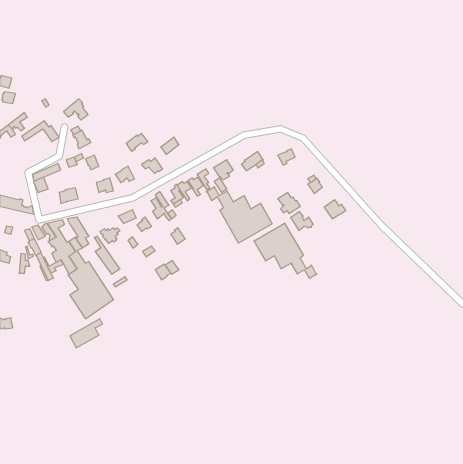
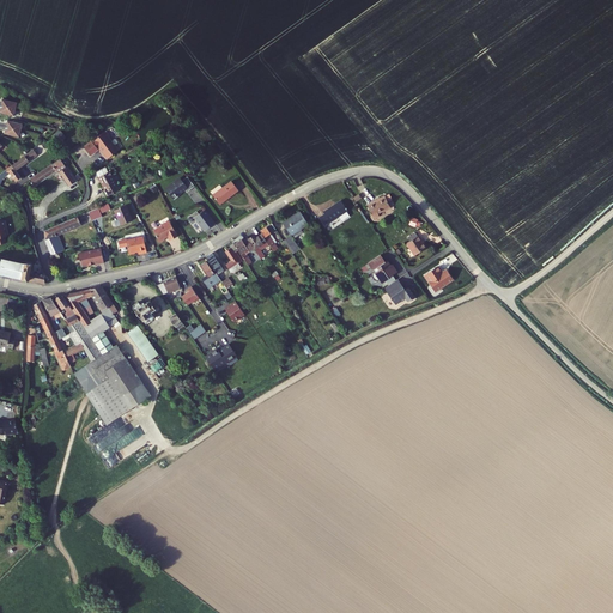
building: [206,187,272,243] -> none
building: [254,223,317,278] -> none

